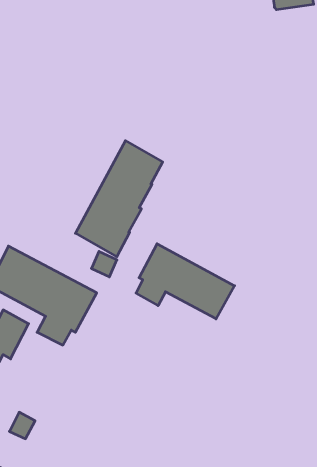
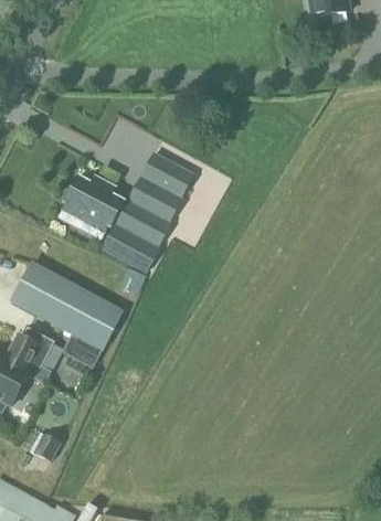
building: none -> [61,177,131,238]
building: [136,244,235,319] -> none

